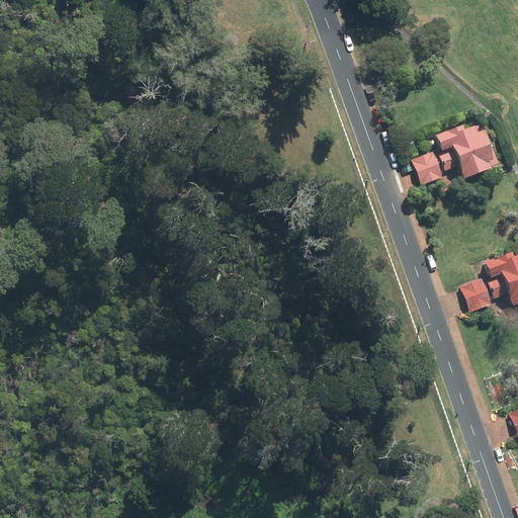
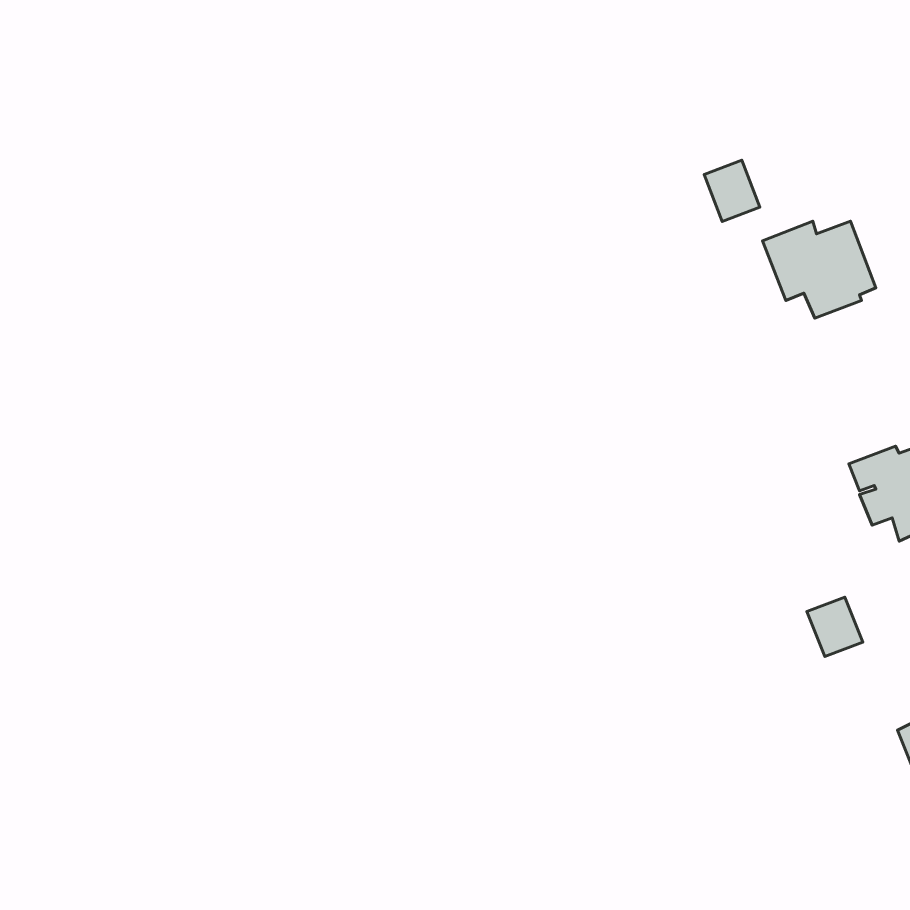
building: [413,150,444,184] -> [704,160,760,221]
building: [461,276,493,310] -> [807,597,863,656]

